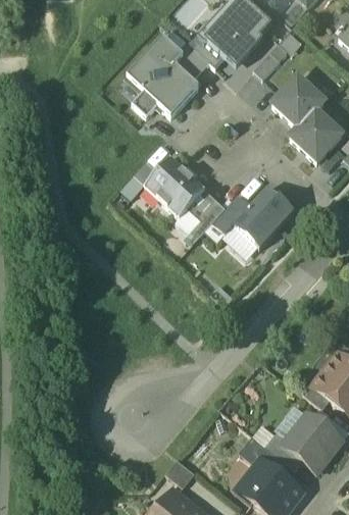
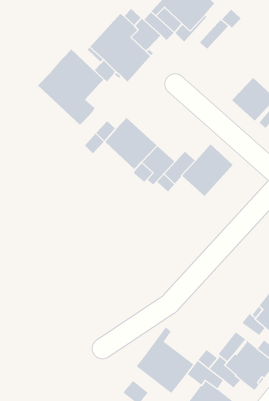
building: [273,78,326,128] -> none
building: none -> [37,48,104,125]
building: none -> [136,326,194,394]

